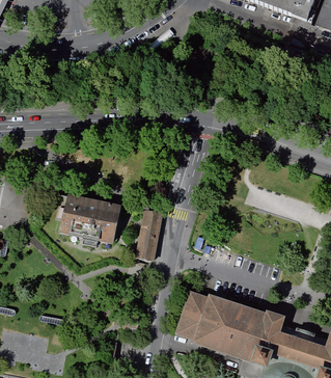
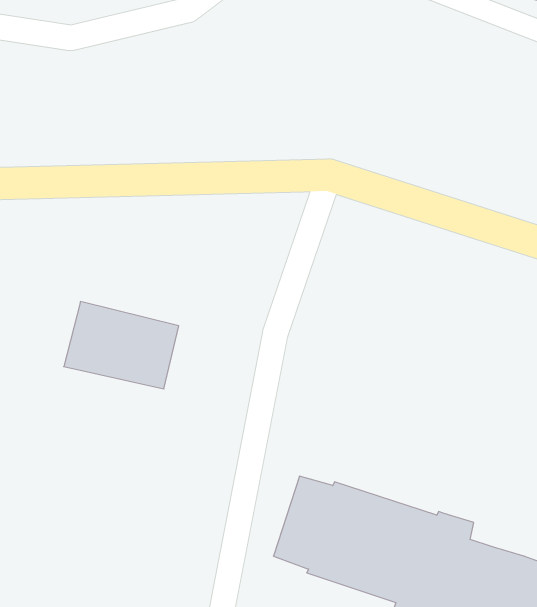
building: [137,212,162,263] -> none

